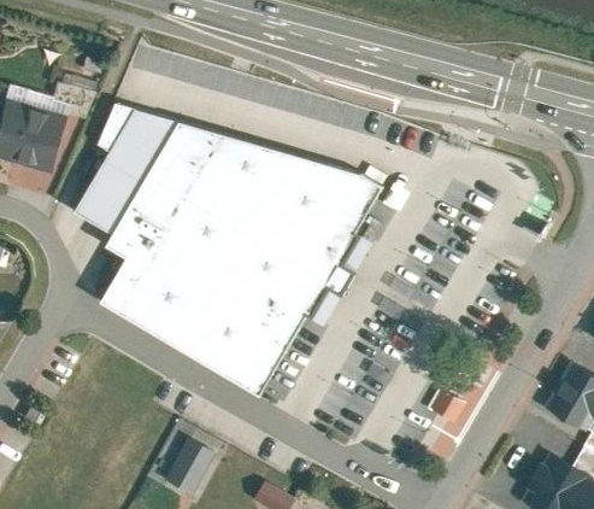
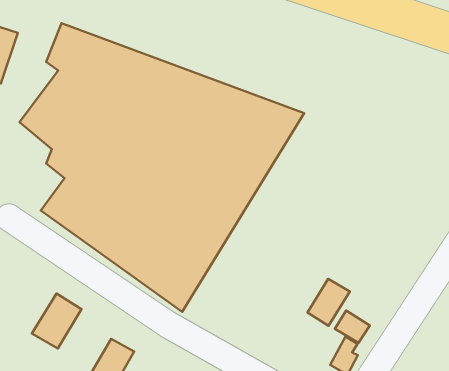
building: none -> [308,279,350,326]
building: none -> [32,294,81,349]

